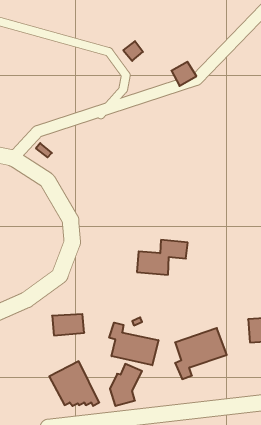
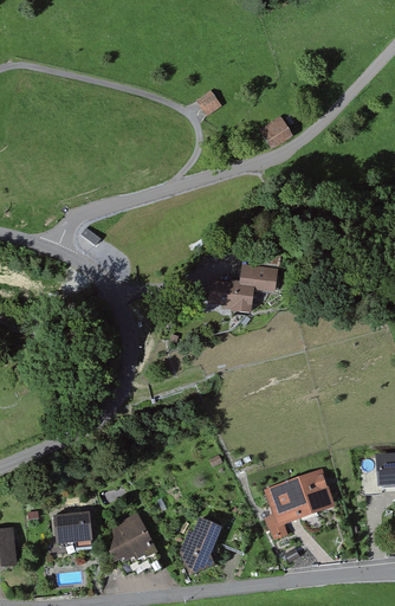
building: [137,240,188,275] -> [208,264,276,310]
building: [52,314,84,335] -> [52,511,95,540]
building: [109,323,158,365] -> none

